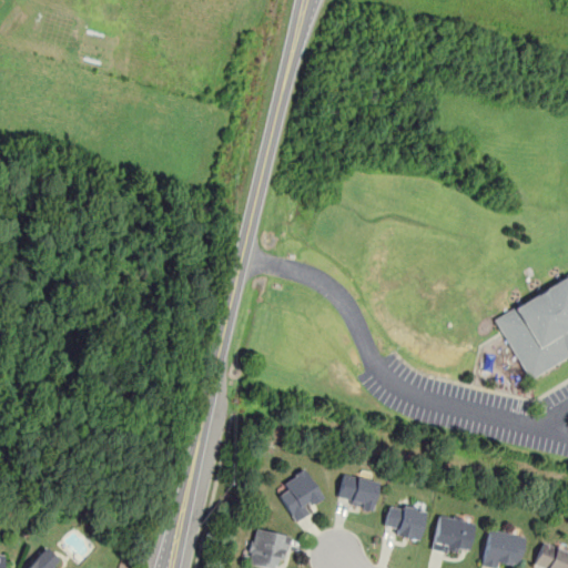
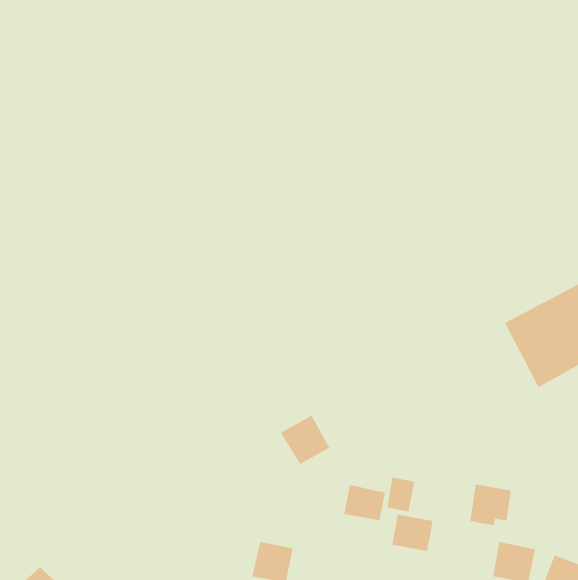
building: none -> [387,477,415,512]
building: [276,470,325,519] -> [280,415,330,465]
building: [434,514,475,555] -> [469,484,512,526]

